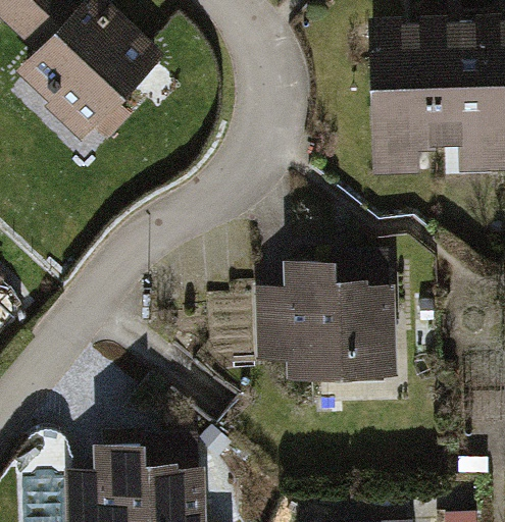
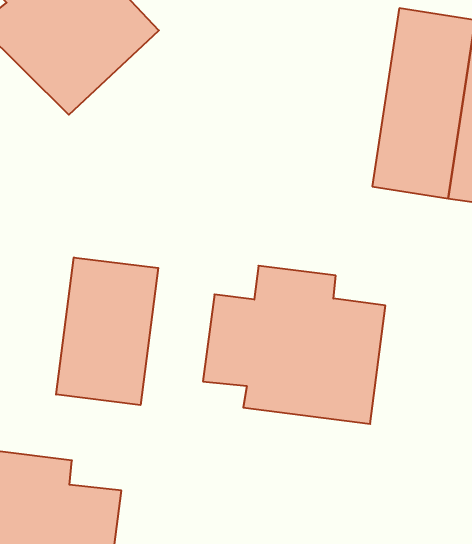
building: none -> [56,257,158,405]

